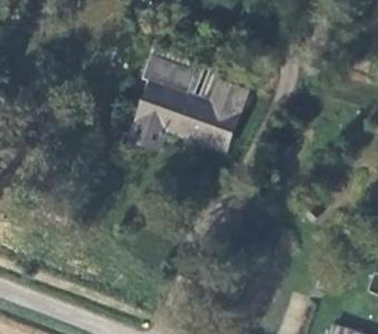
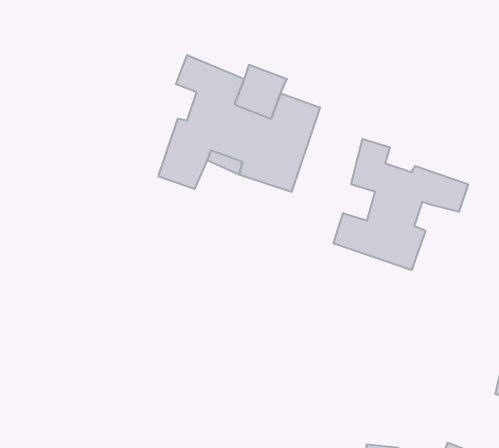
building: none -> [334,139,468,270]

